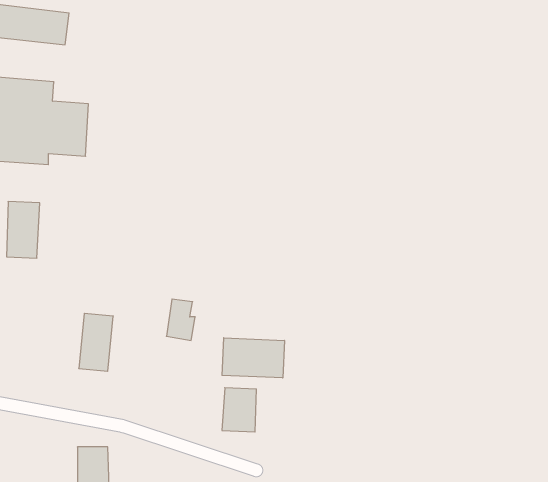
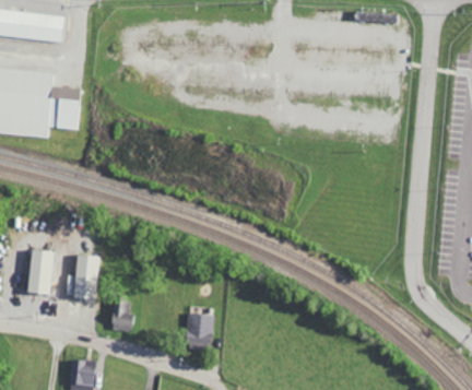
building: [7,202,40,258] -> [28,249,55,294]
building: [166,299,195,340] -> [110,298,133,331]
building: [222,338,284,378] -> none

